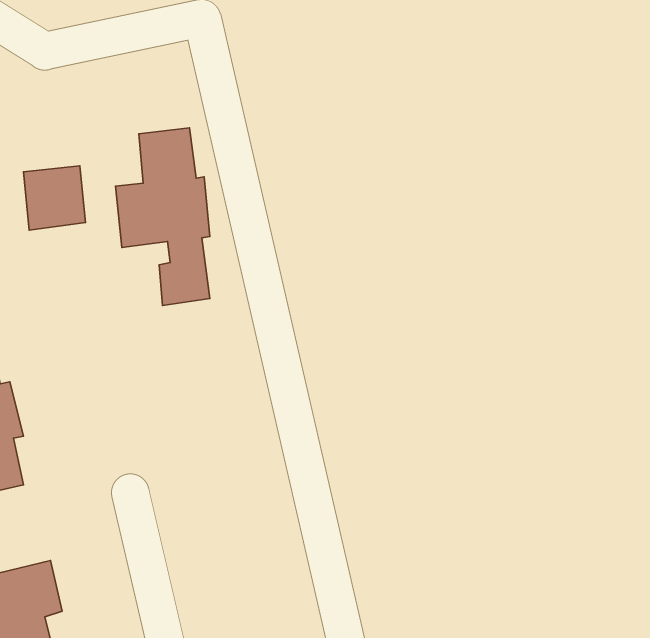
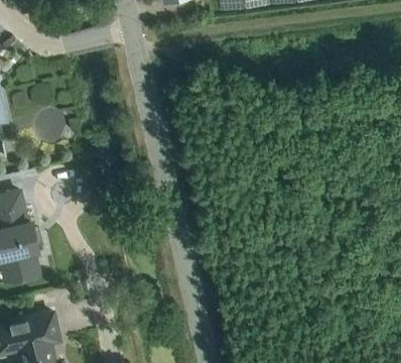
building: [115,128,210,305] -> none

